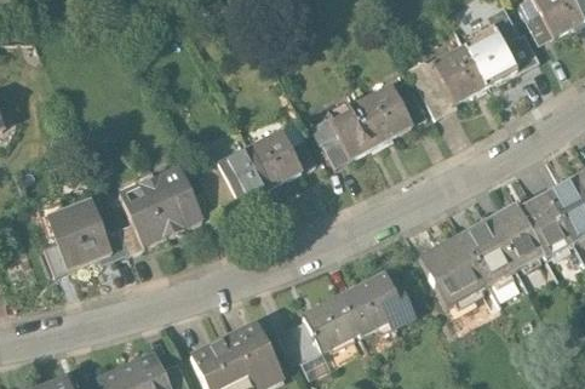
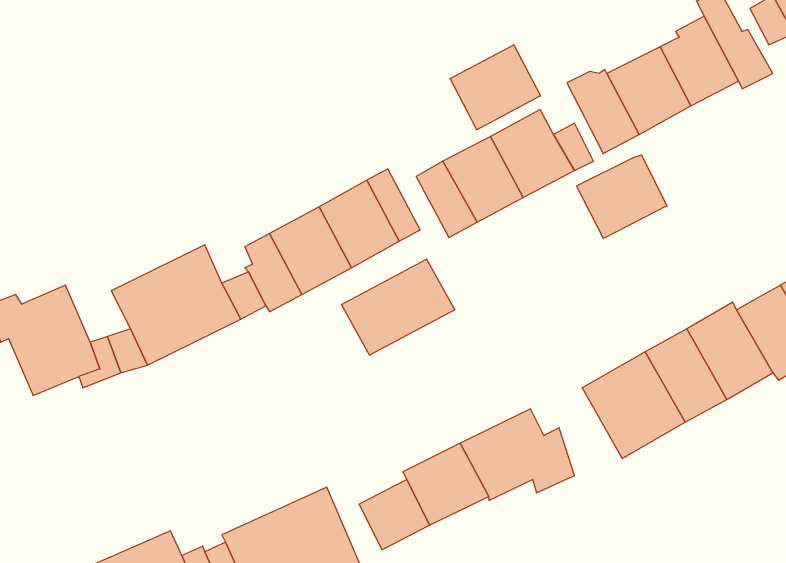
building: none -> [450,45,541,130]
building: none -> [577,155,667,238]
building: none -> [341,259,455,355]

